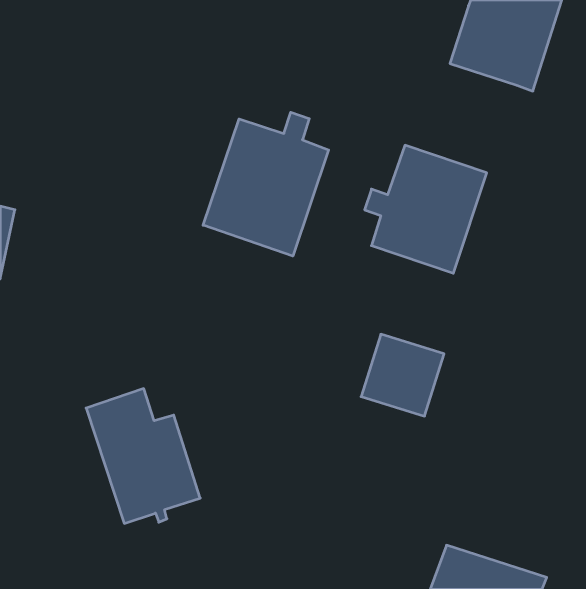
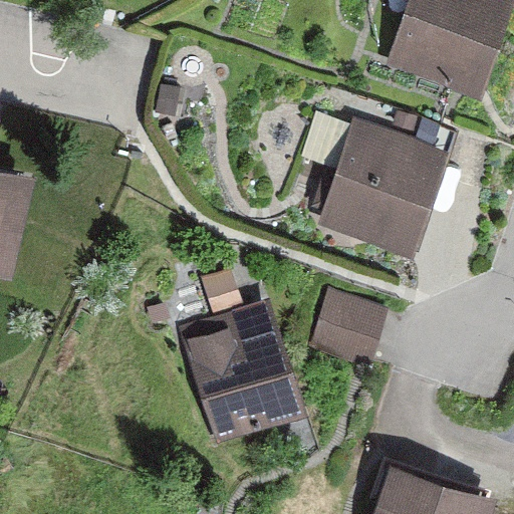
building: [203,112,329,256] -> none
building: [86,389,200,523] -> [187,309,286,427]

